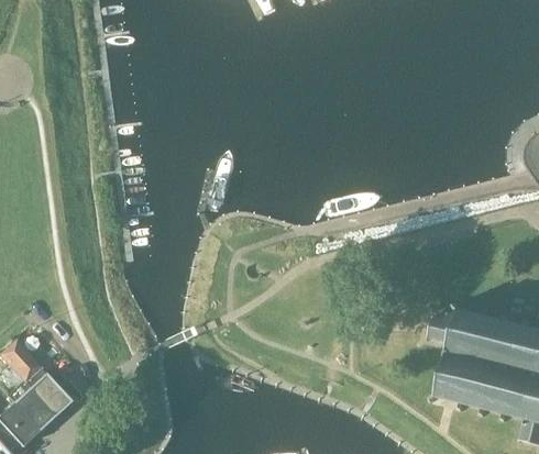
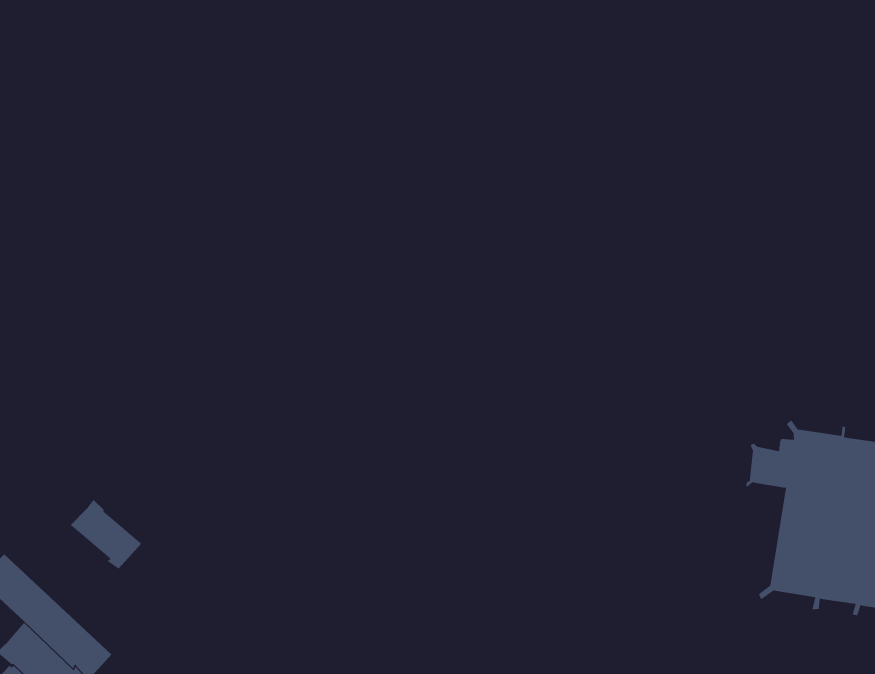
building: none -> [70,499,142,570]

